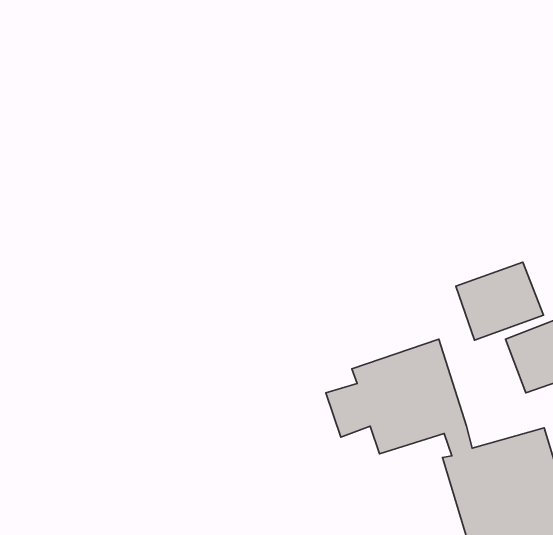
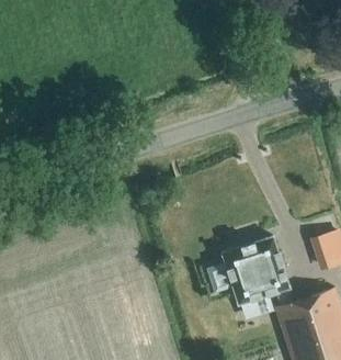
building: [456,262,543,340] -> none

